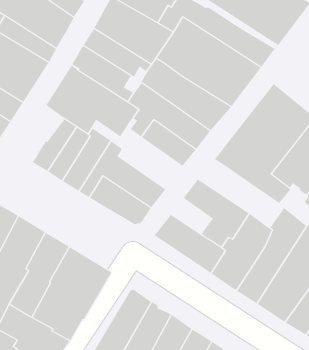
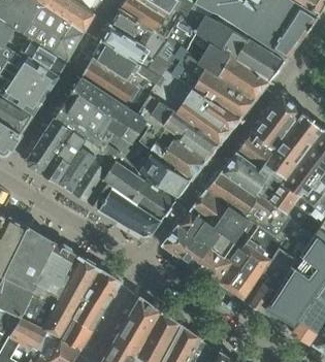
building: none -> [28,118,74,174]
building: none -> [130,147,191,198]
building: none -> [206,171,292,239]
building: none -> [180,209,221,245]

